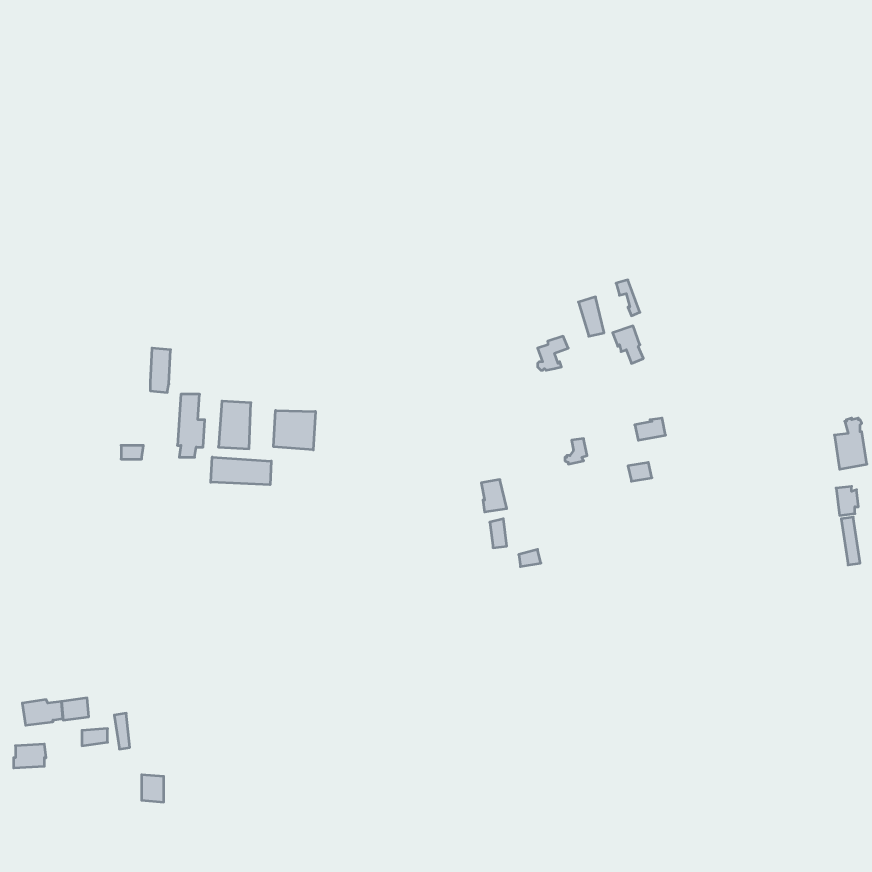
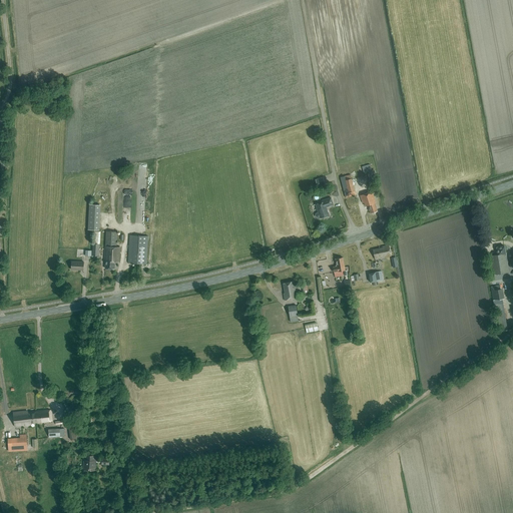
building: [274,410,315,450] -> none
building: [211,457,271,485] -> none

